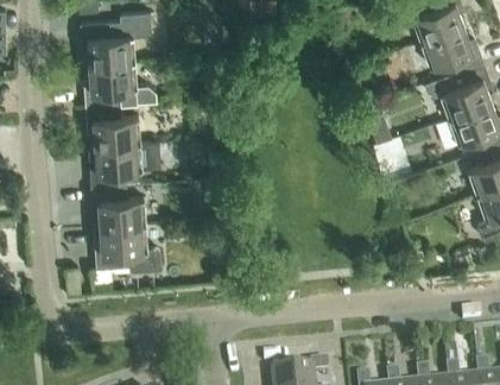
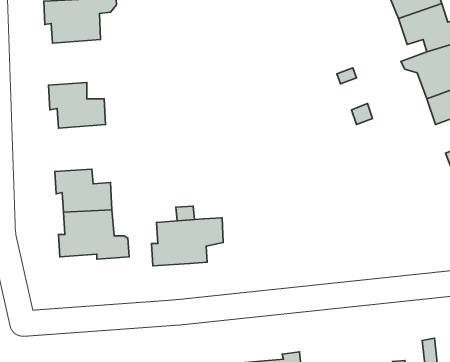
building: [84,61,157,105] -> none
building: [90,141,159,188] -> [152,218,223,266]

